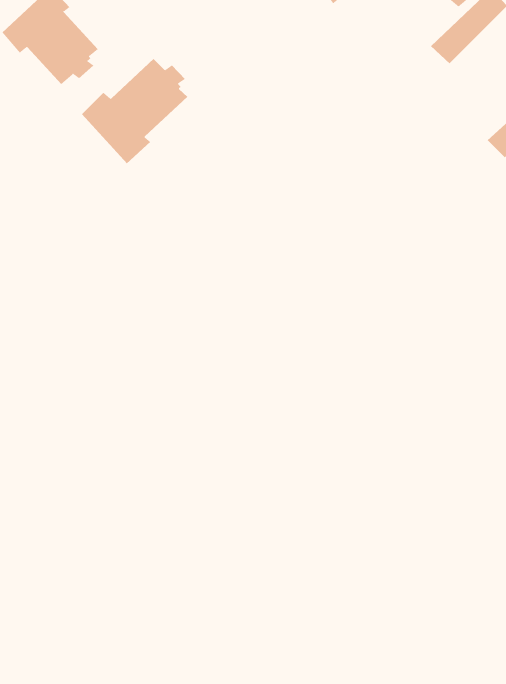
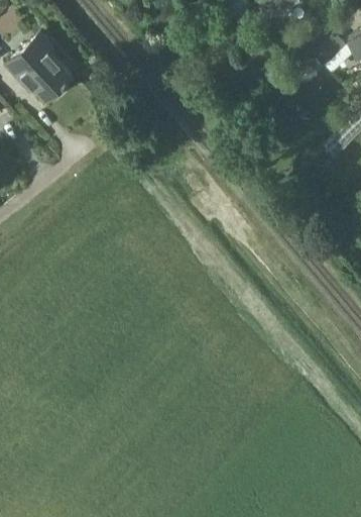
building: [81,58,188,164] -> none

